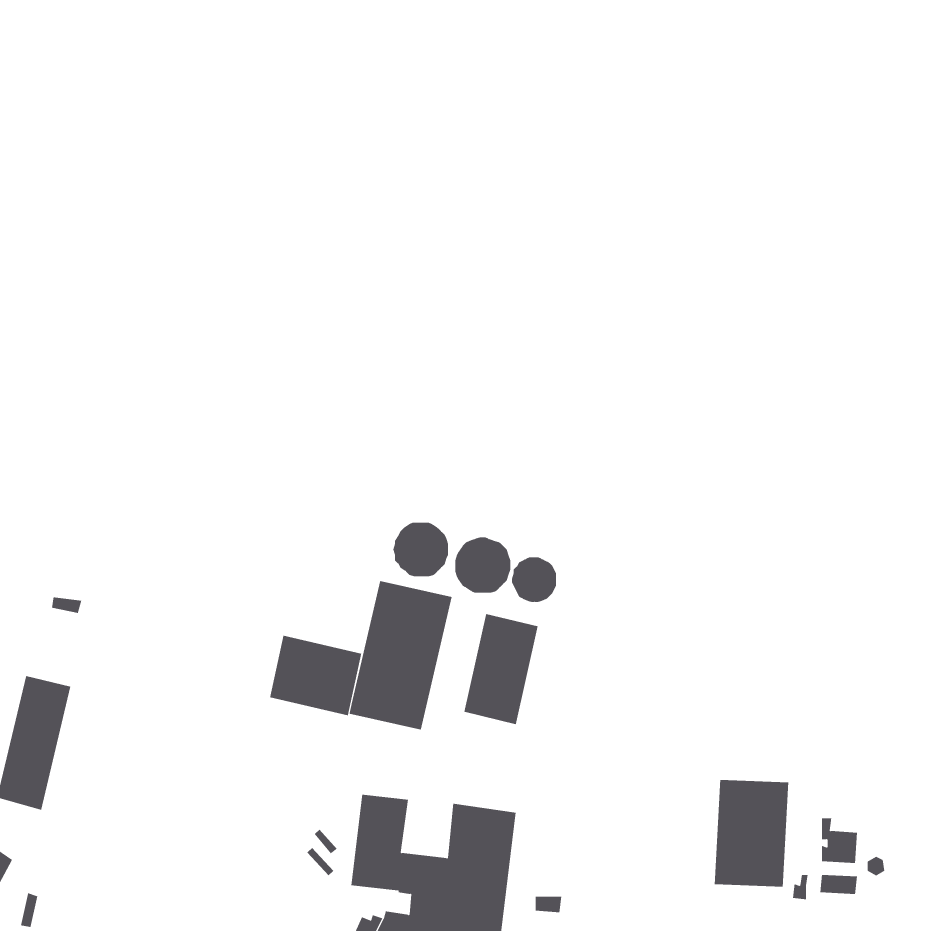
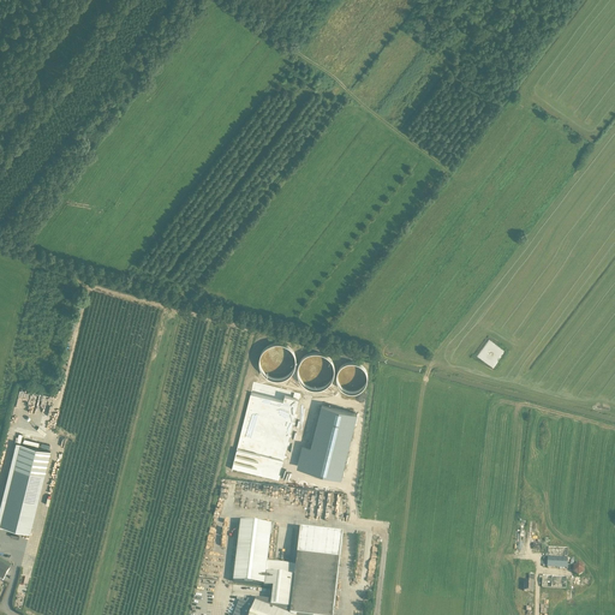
building: [269,635,362,716] -> none
building: [714,779,789,887] -> none

